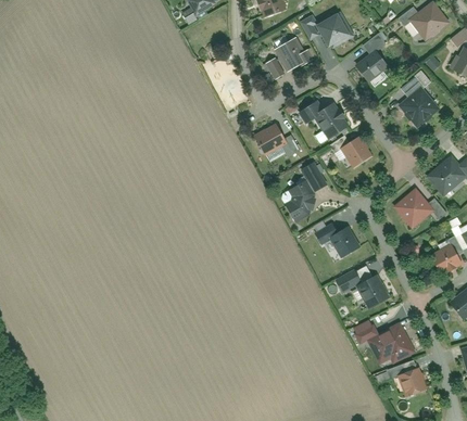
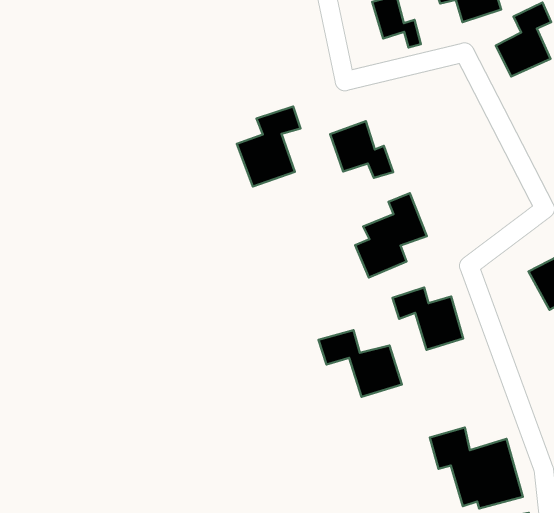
building: [294,102,344,143] -> none
building: none -> [237,106,300,187]
building: [341,137,374,170] -> none
building: [333,268,392,310] -> [318,330,402,397]

